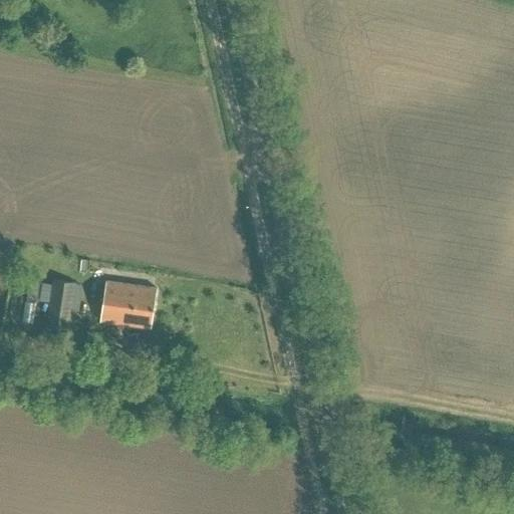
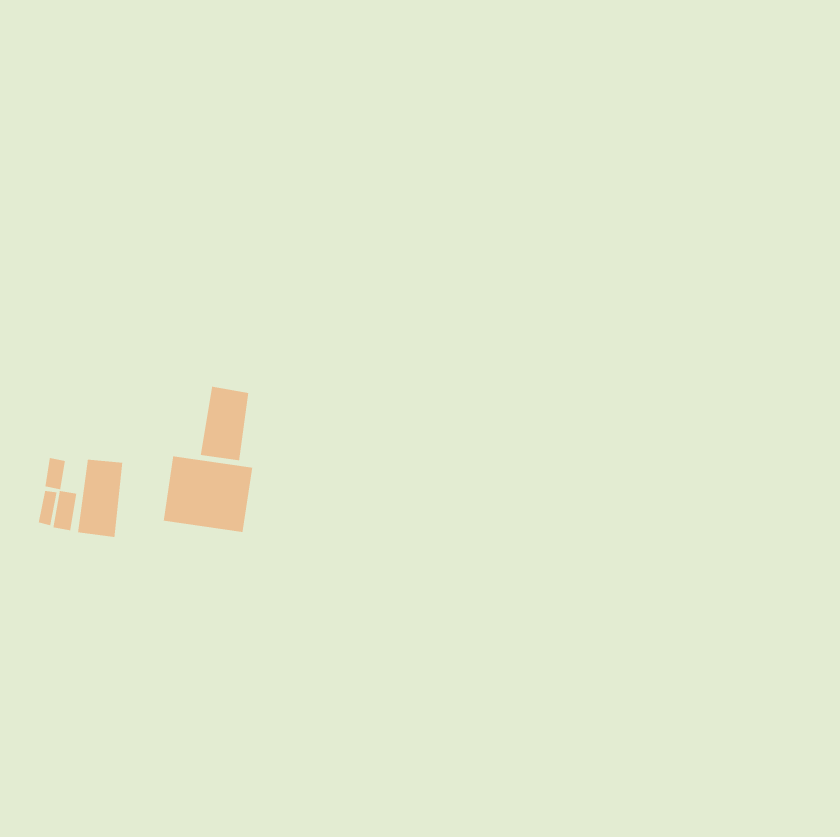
building: none -> [200,386,249,461]

